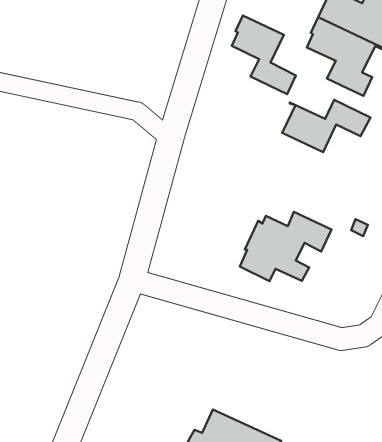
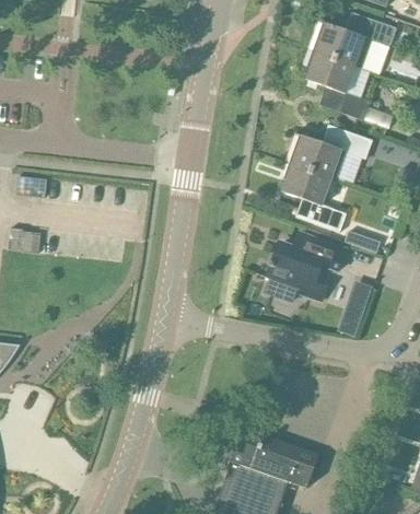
building: [232,16,296,94] -> [282,162,346,232]
building: none -> [337,279,372,337]

